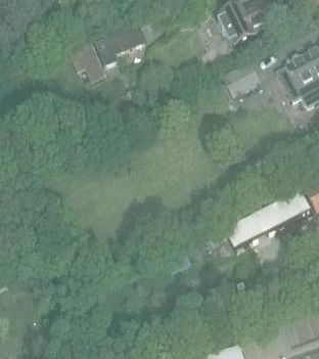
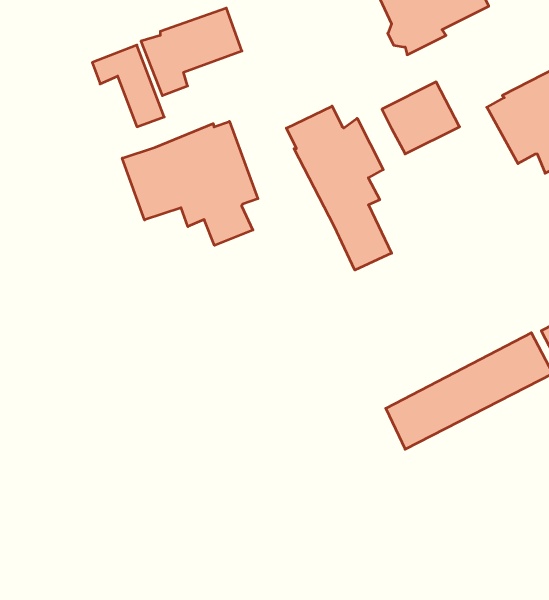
building: none -> [286,106,392,270]
building: none -> [122,121,258,245]

